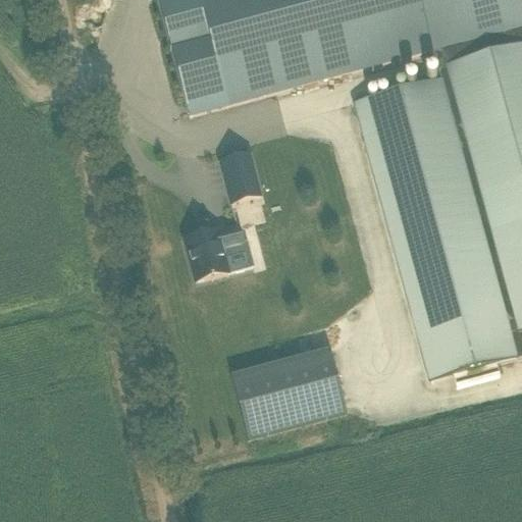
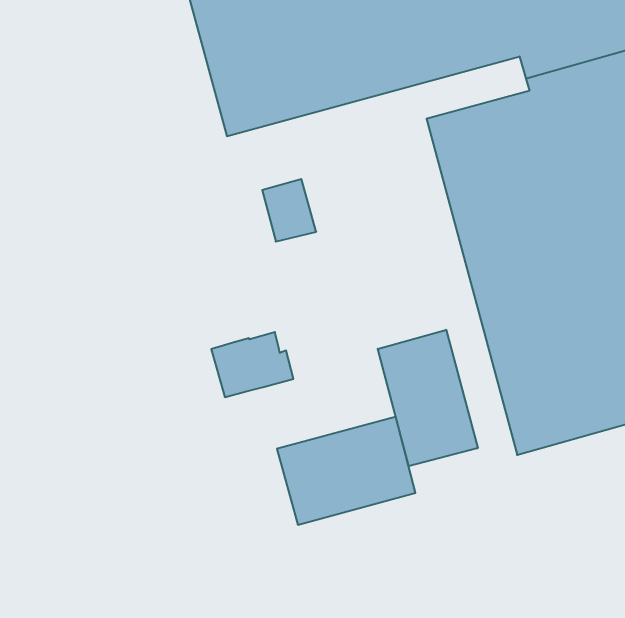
building: [186,223,254,277] -> [211,332,293,397]
building: none -> [378,330,478,466]

